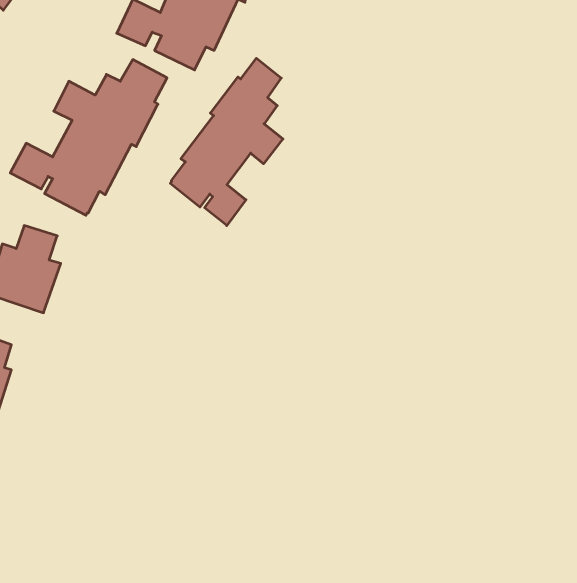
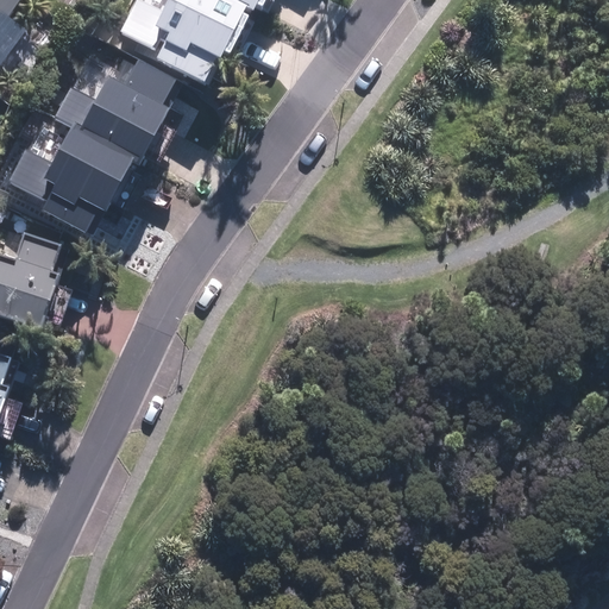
building: [170,58,283,226] -> none

